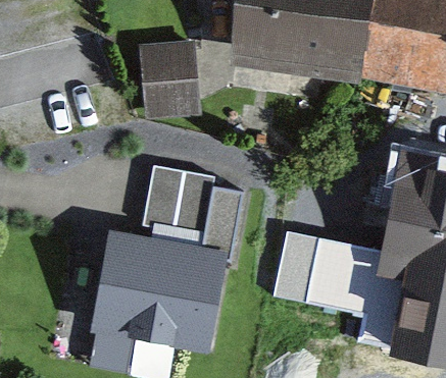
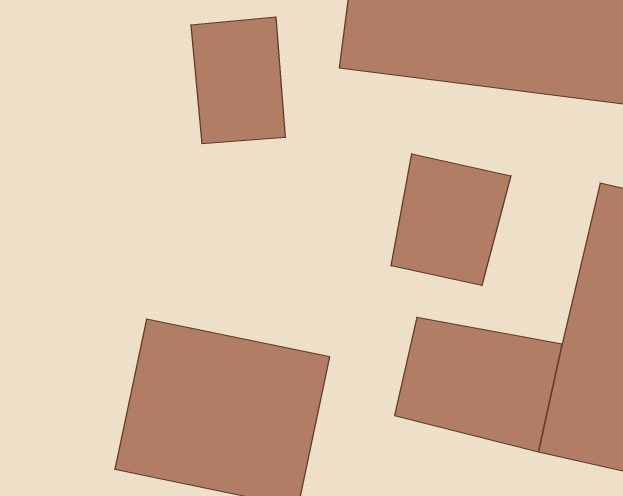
building: none -> [391,154,511,286]
building: [142,166,212,233] -> none

